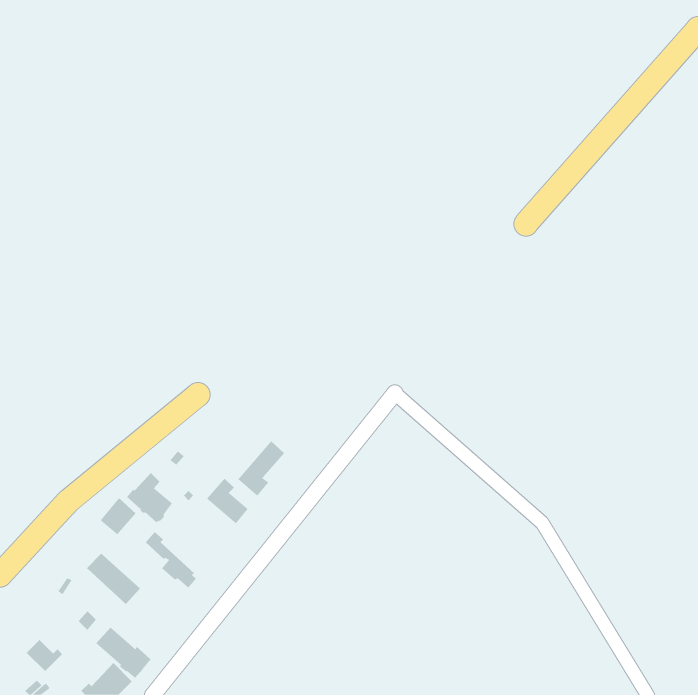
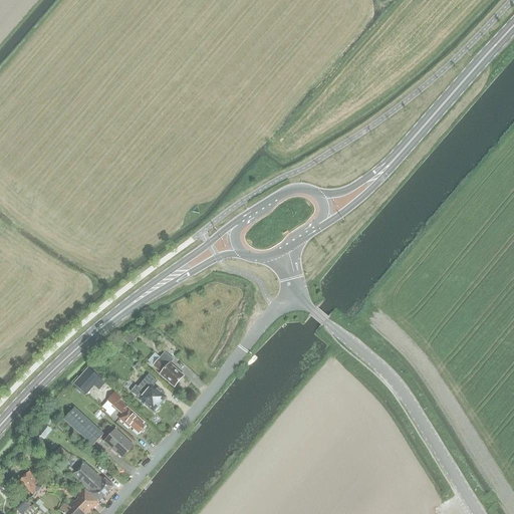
building: [237,441,285,497] -> none
building: [126,472,173,523] -> [131,372,165,410]
building: none -> [104,428,134,456]

